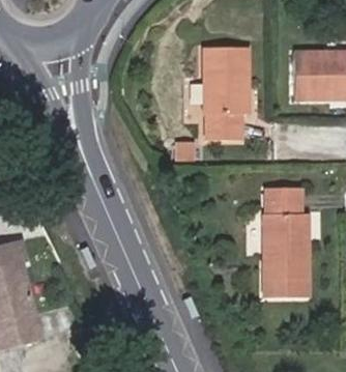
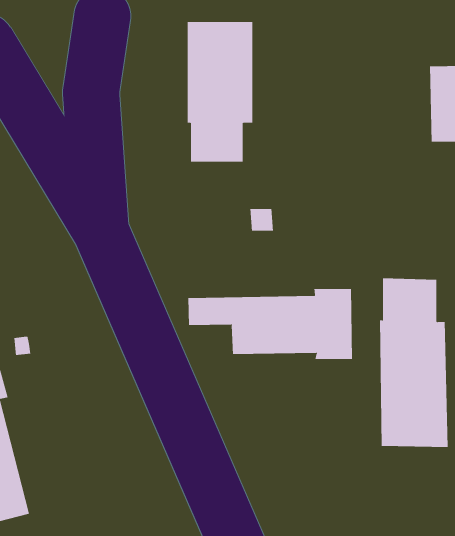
building: [206,48,249,138] -> [187,21,253,162]
building: none -> [188,288,352,360]

